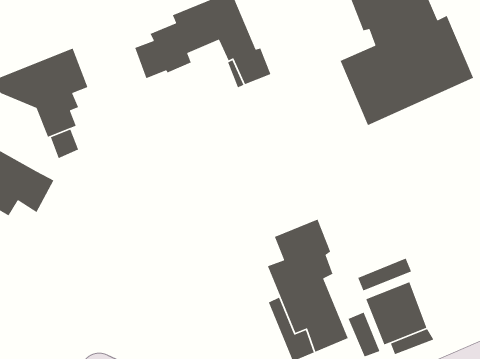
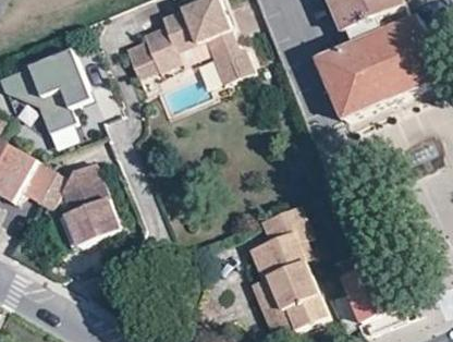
building: none -> [36,160,118,245]

